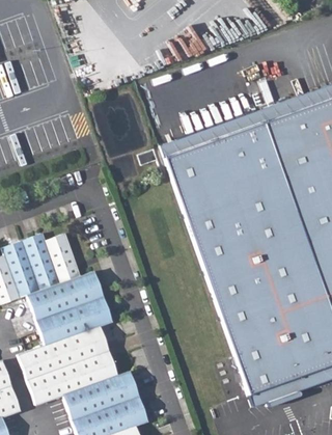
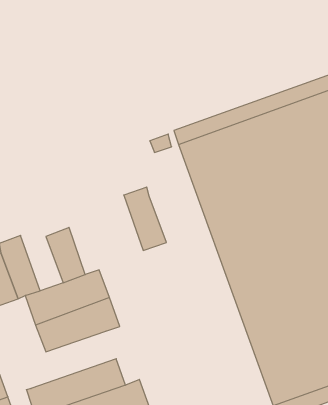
building: [22,233,60,290] -> [124,187,166,250]
building: [18,326,108,379] -> none

